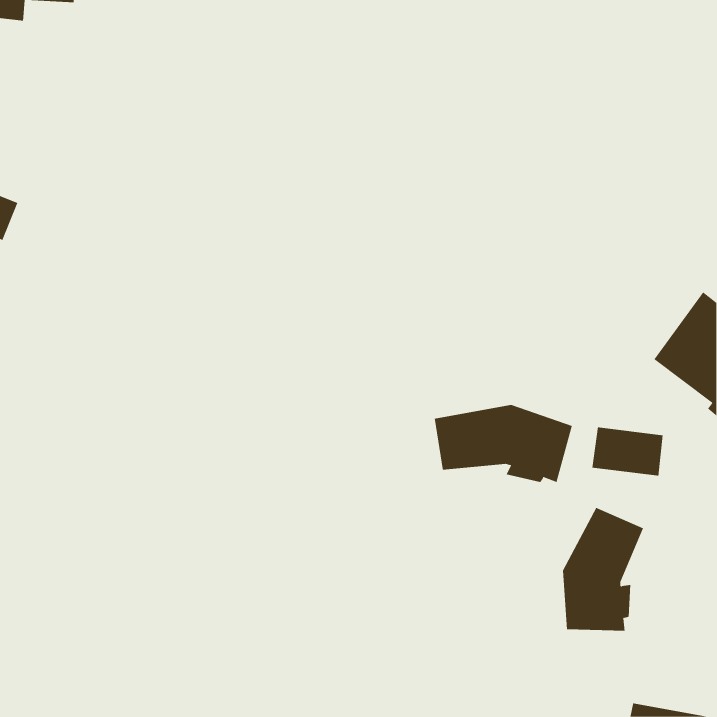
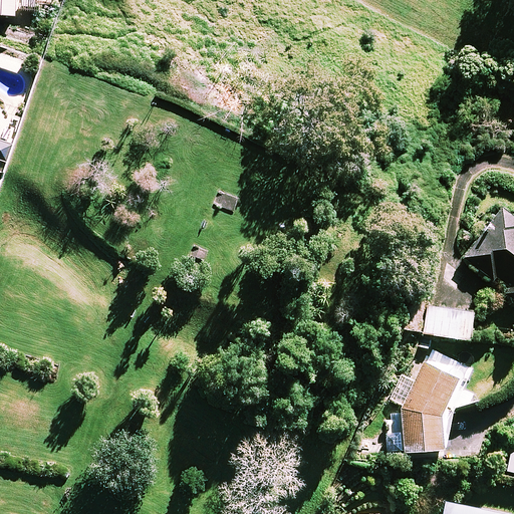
building: [434,404,573,483] -> none

